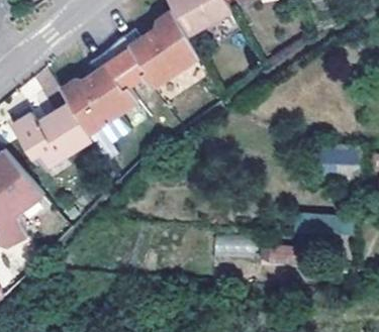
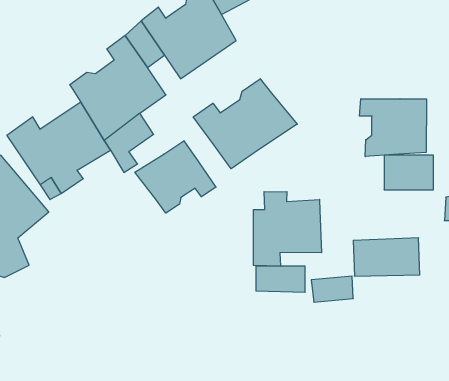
building: none -> [193,79,297,169]
building: none -> [359,99,426,157]
building: none -> [135,141,216,213]
building: none -> [253,192,322,266]

